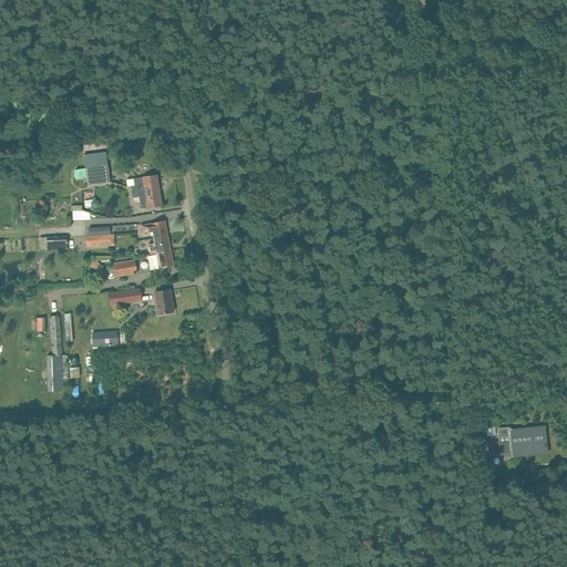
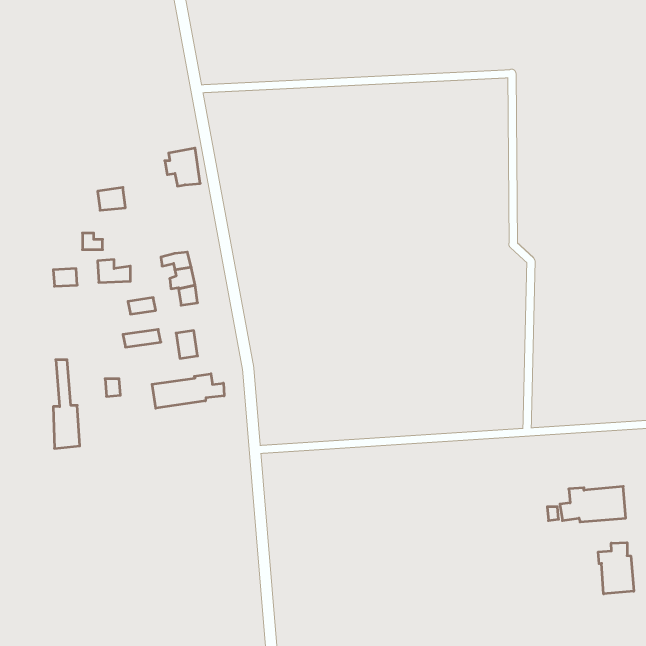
building: [131,174,162,207] -> [165,148,200,186]
building: none -> [152,374,224,408]
building: none -> [598,543,634,594]

